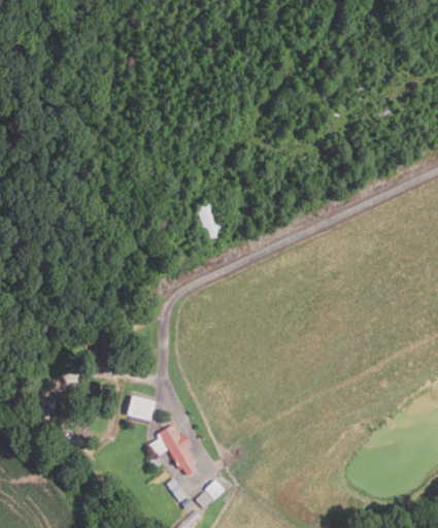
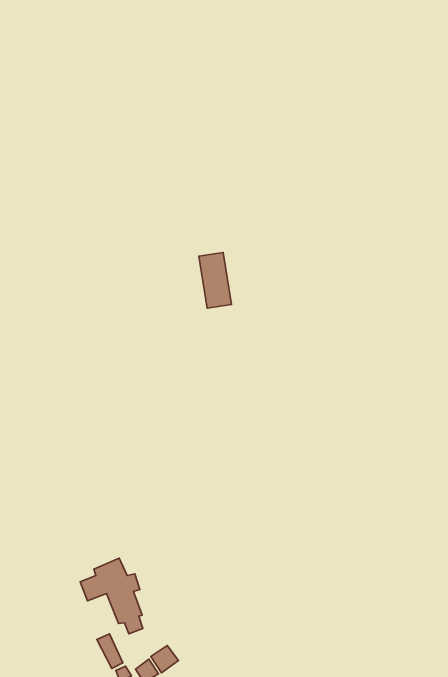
building: [127,395,155,420] -> none

